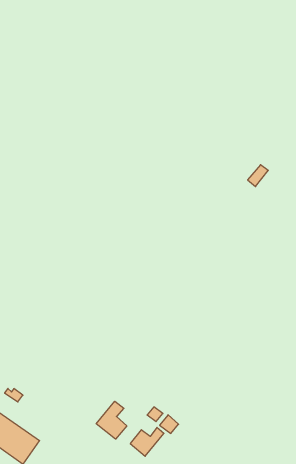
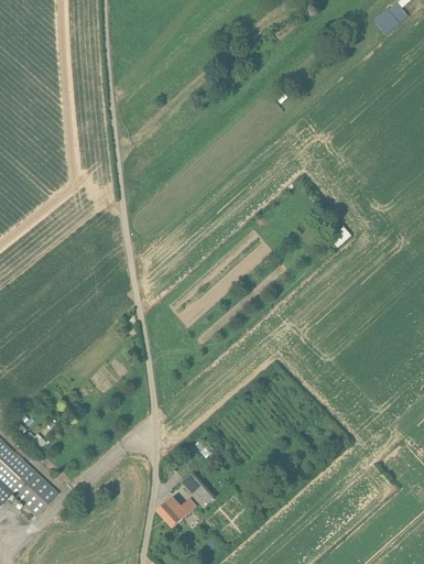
building: [96,401,127,439] -> none

